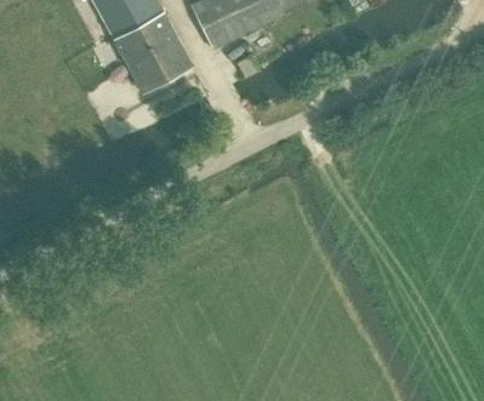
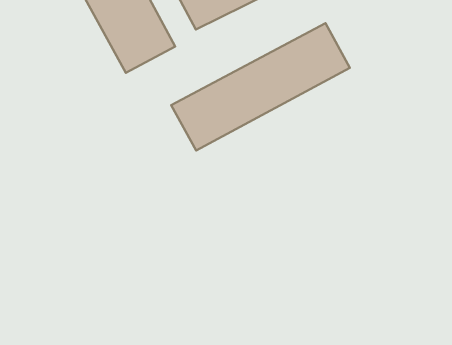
building: none -> [171,23,350,150]

